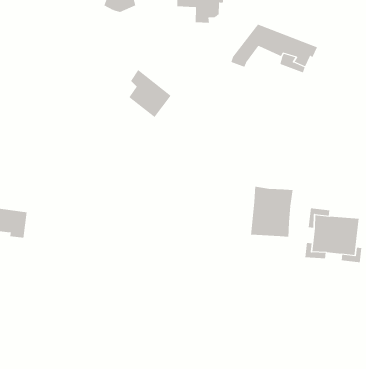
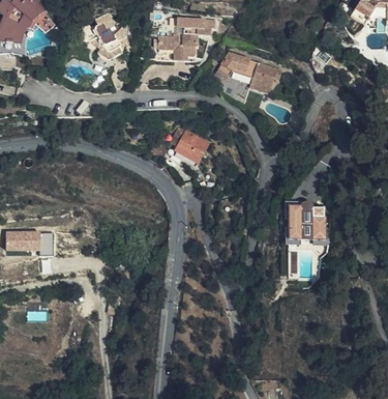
building: [128,69,171,118] -> [174,129,209,167]
building: [250,186,293,237] -> none

